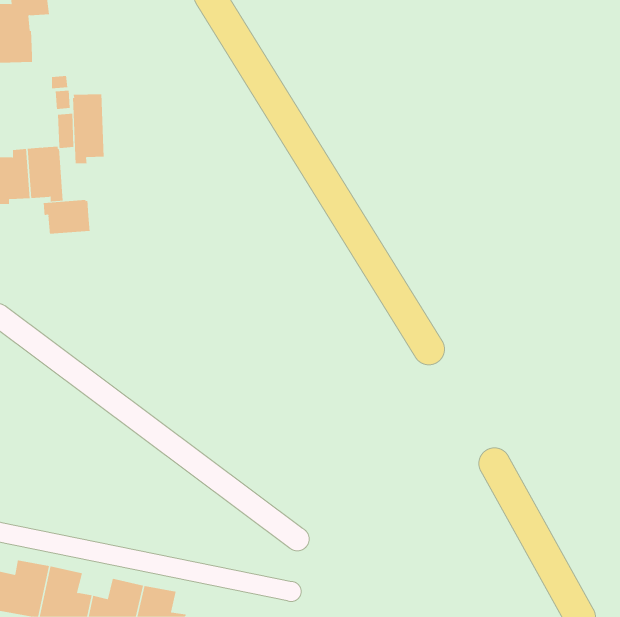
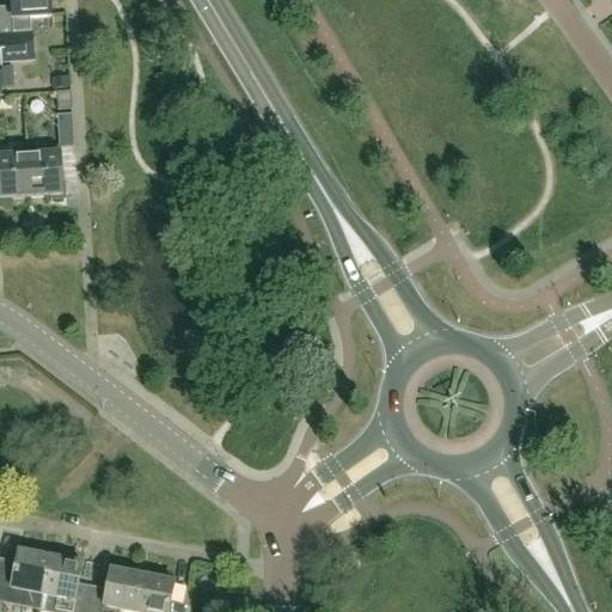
building: [72,93,104,164] -> none
building: [43,199,90,234] -> none

